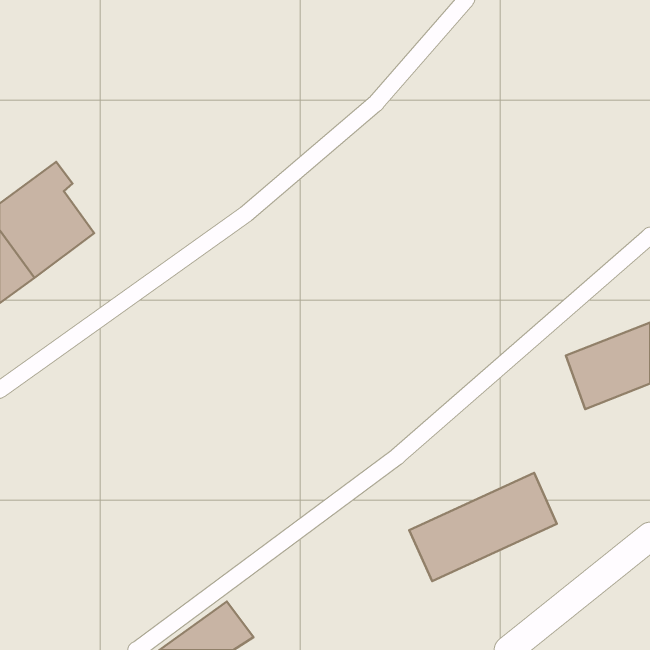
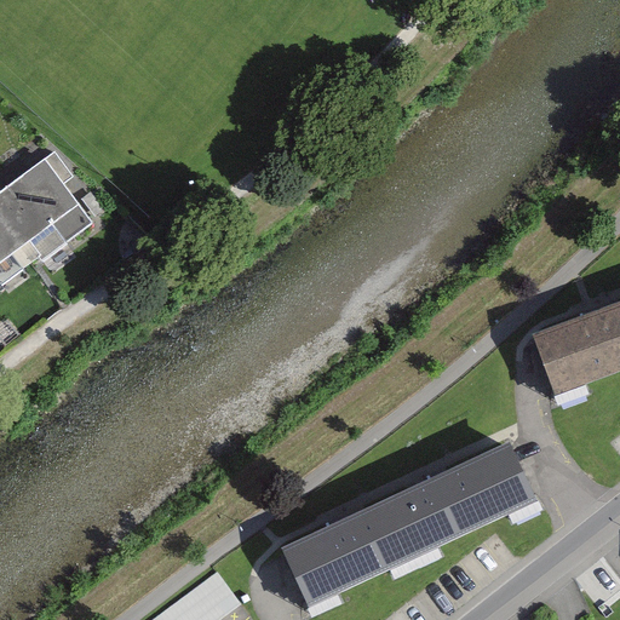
building: none -> [286,504,411,599]

